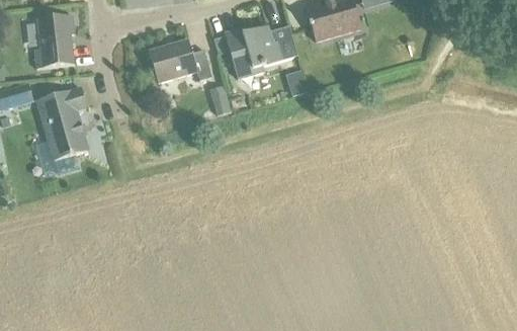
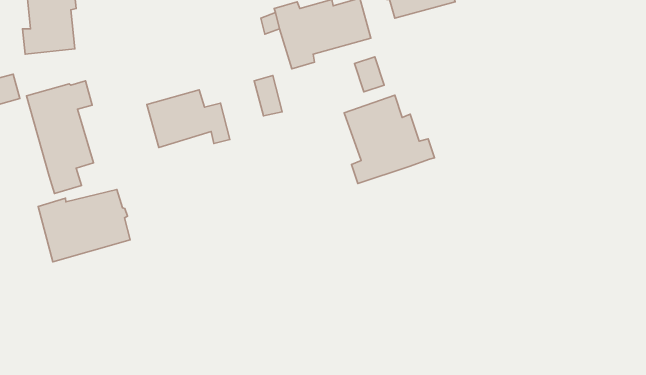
building: [148,38,210,82] -> [147,90,230,147]
building: none -> [344,95,435,184]
building: none -> [38,189,130,262]

